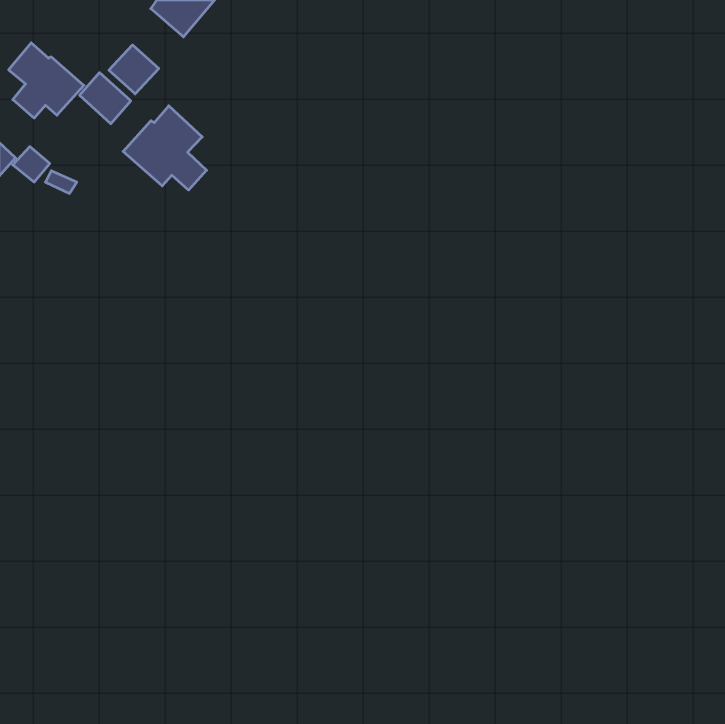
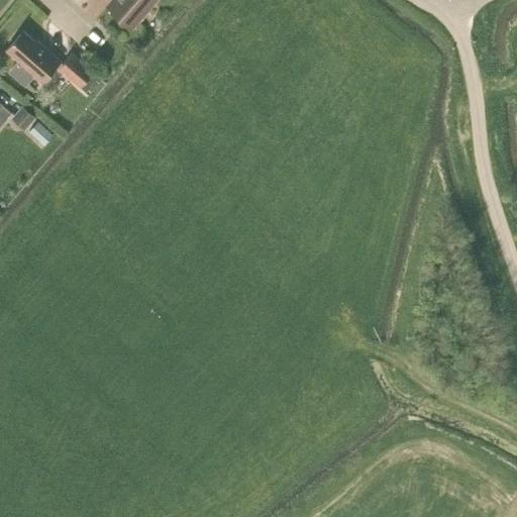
building: [109,45,159,94] -> none
building: [123,106,207,190] -> none

